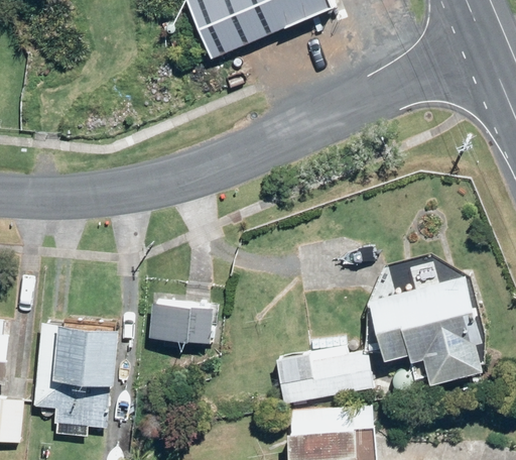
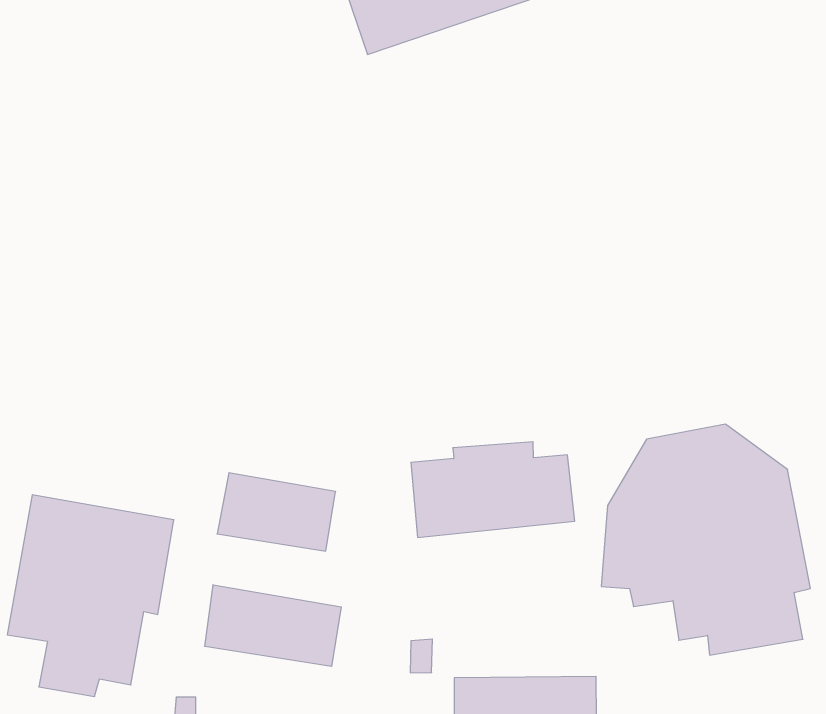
building: [275,343,371,402] -> [411,442,575,537]
building: none -> [205,585,341,666]

